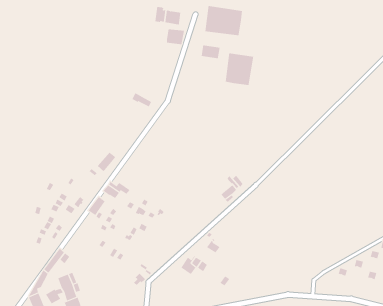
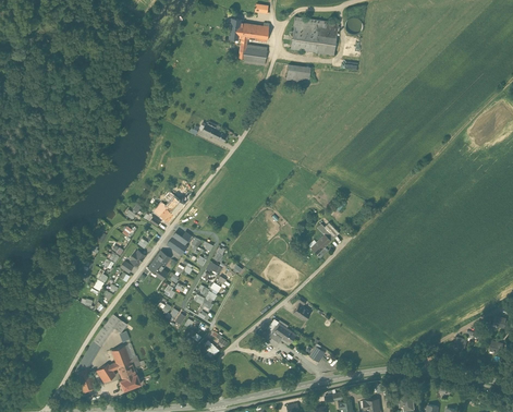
building: [225,53,254,86] -> none

